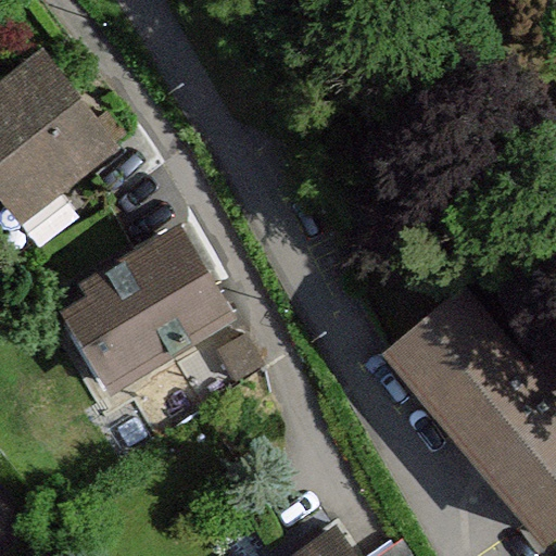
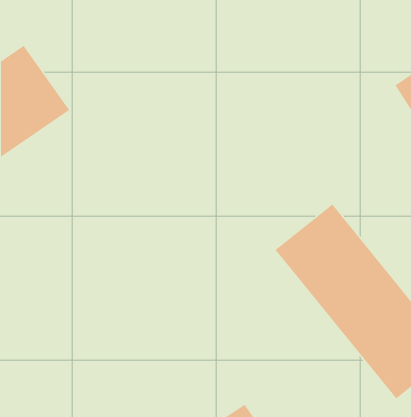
building: [60,241,230,402] -> none

